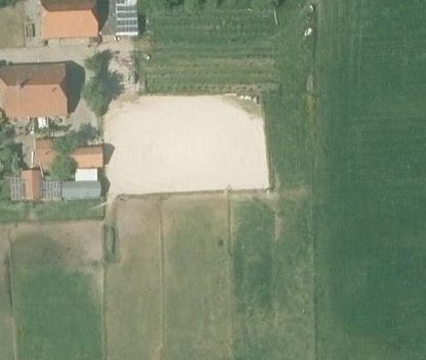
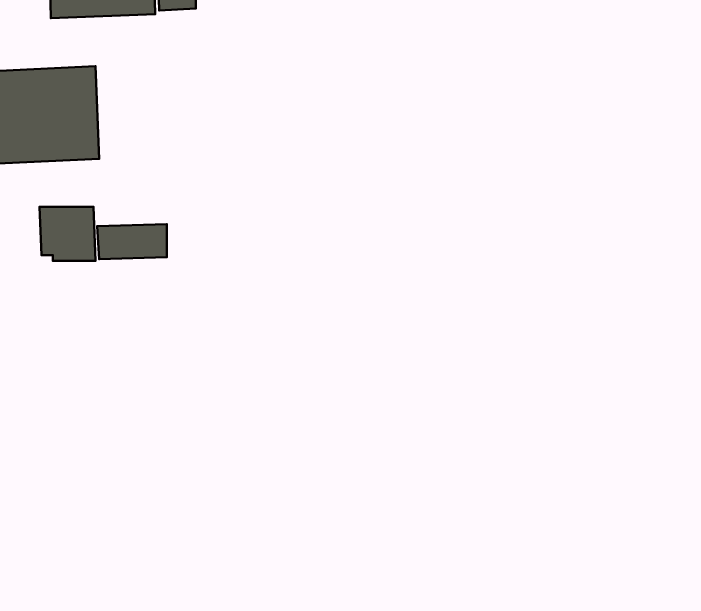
building: [22,172,44,199] -> none
building: [62,180,101,197] -> none

